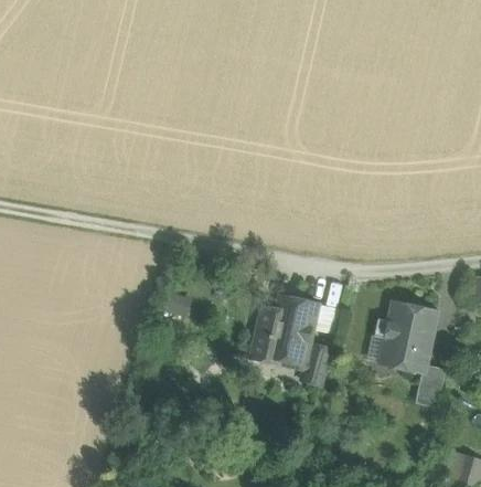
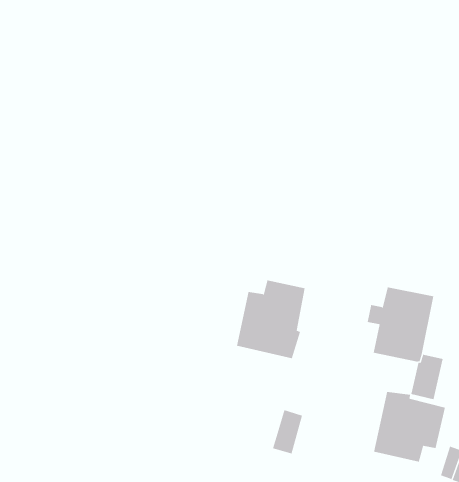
building: [301,343,330,385] -> [272,409,303,454]
building: none -> [373,391,445,462]

